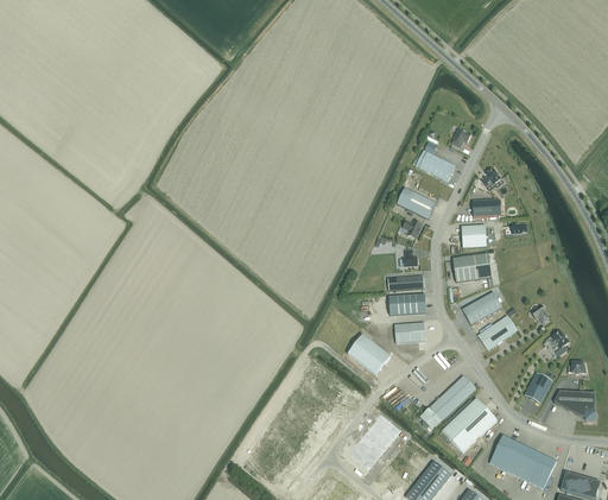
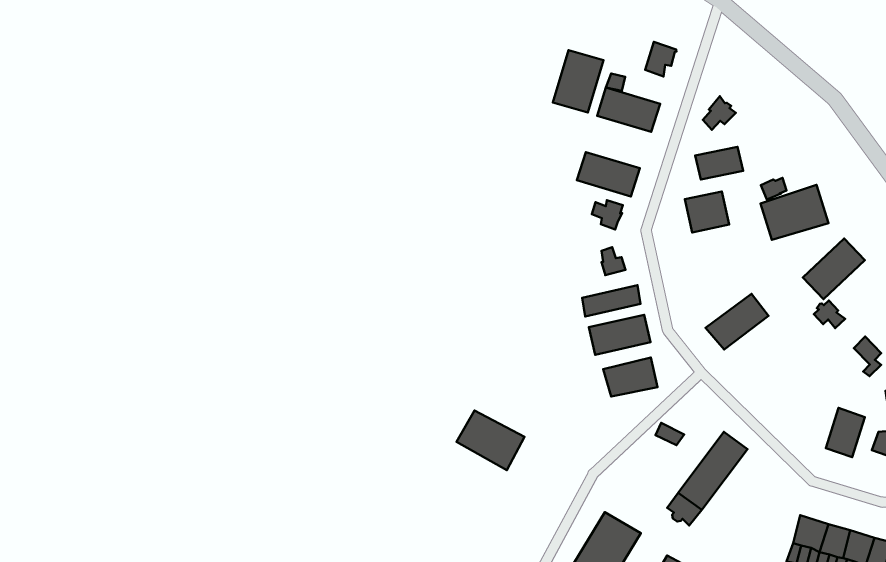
building: none -> [553,50,604,113]
building: [452,253,493,283] -> [760,185,828,240]
building: [477,315,518,350] -> [803,239,865,299]
building: [348,335,391,375] -> [457,410,524,470]
building: [442,398,498,452] -> none

